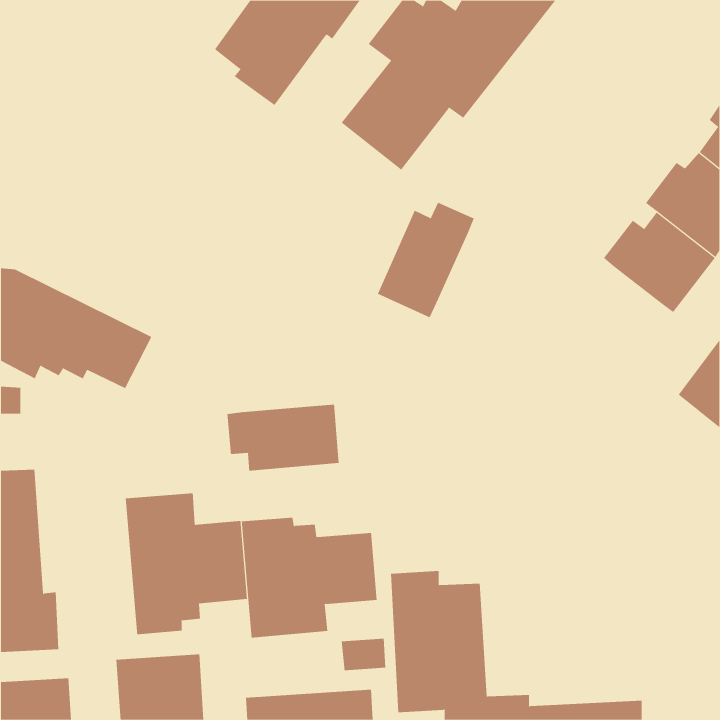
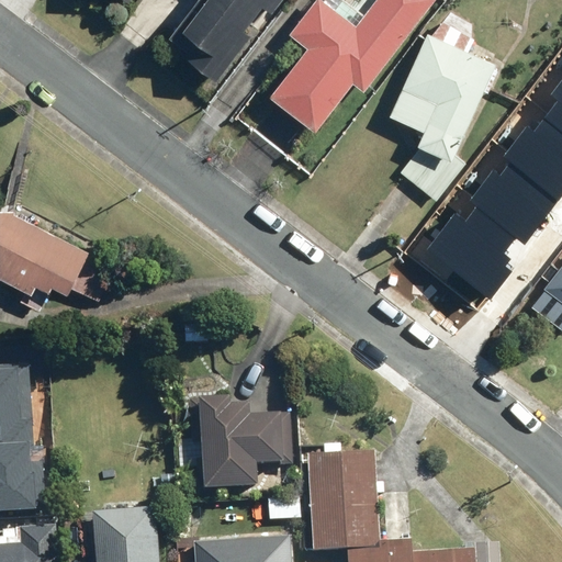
building: none -> [387,33,495,201]
building: [377,202,475,318] -> none
building: none -> [411,207,516,306]
building: [227,404,339,472] -> none
building: [125,493,248,635] -> none

